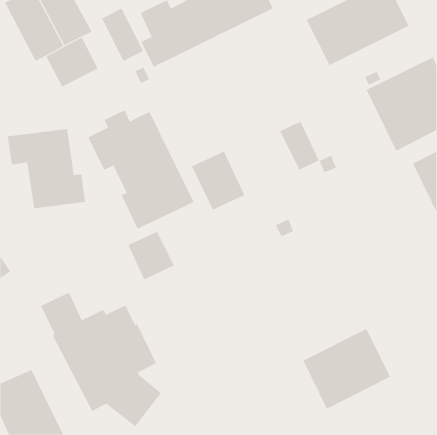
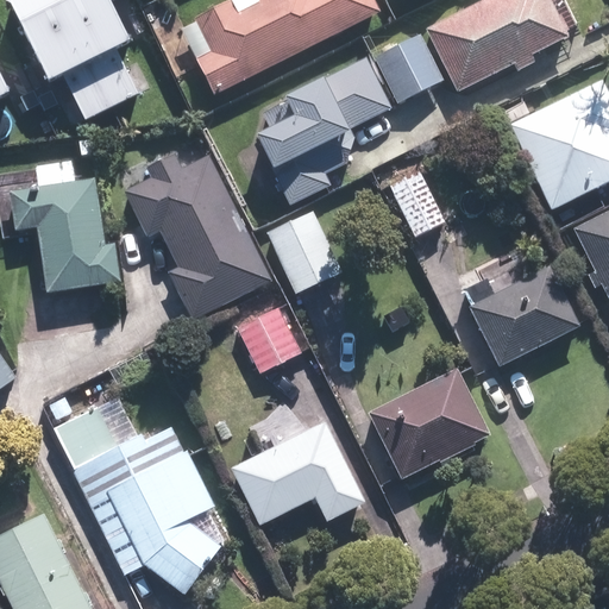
building: [101,8,144,62] -> none
building: none -> [373,32,442,101]
building: none -> [255,57,391,205]
building: none -> [462,264,579,365]
building: [128,231,175,280] -> [236,304,301,372]
building: none -> [231,420,365,525]
building: [302,328,391,409] -> [368,365,490,478]

